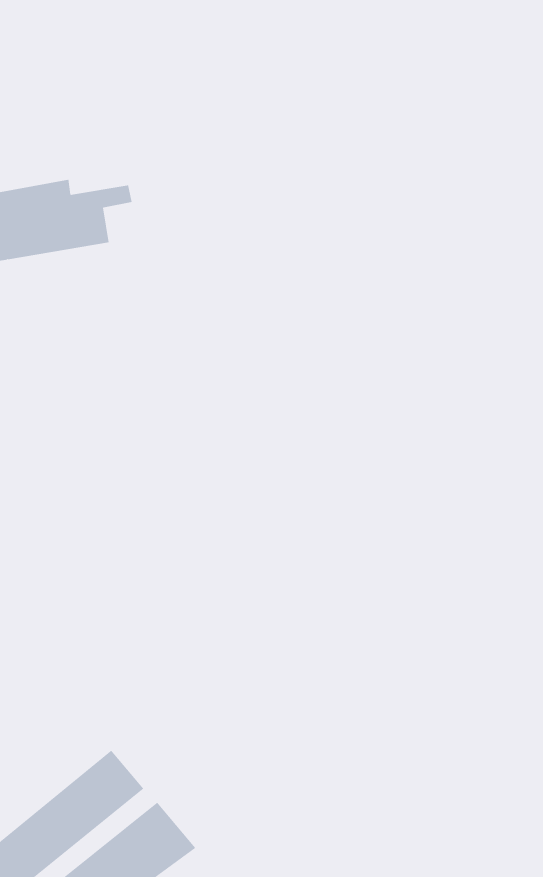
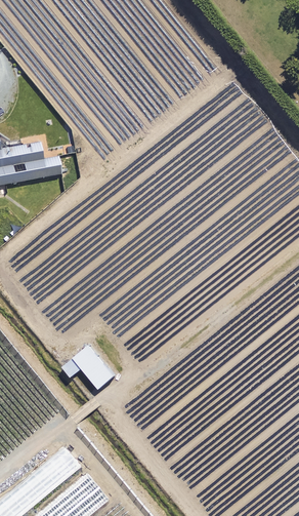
building: none -> [65,347,117,390]

